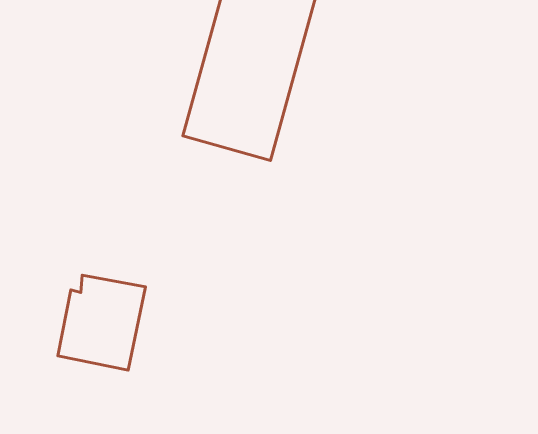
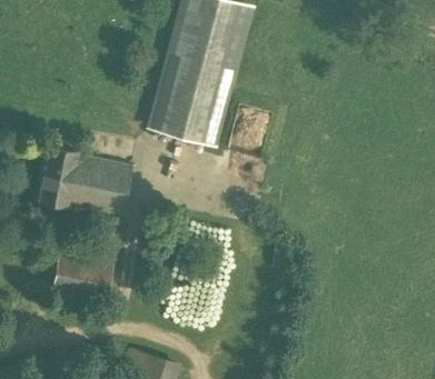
building: none -> [37,148,131,217]

